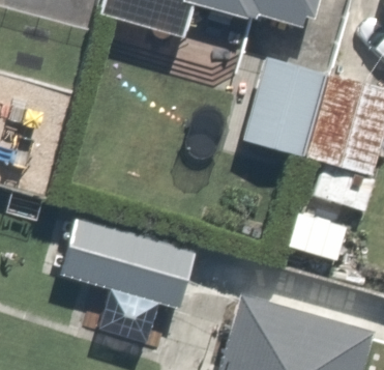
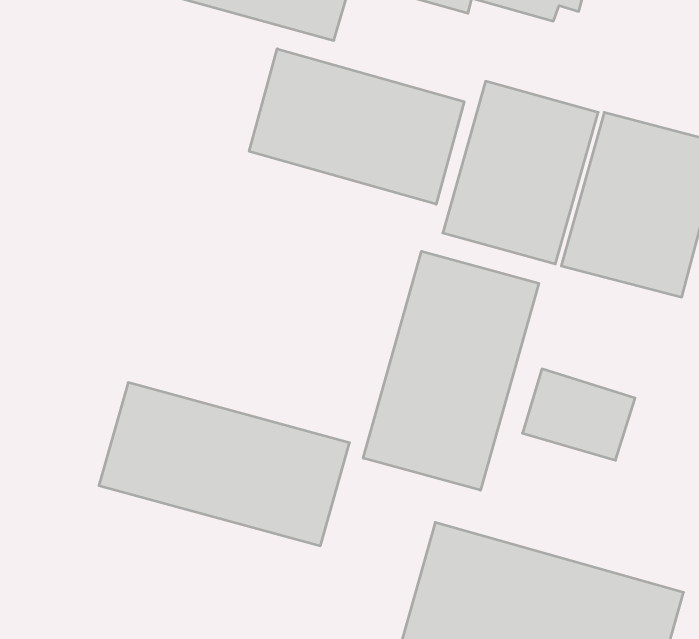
building: none -> [249,49,464,204]
building: none -> [363,251,539,490]

